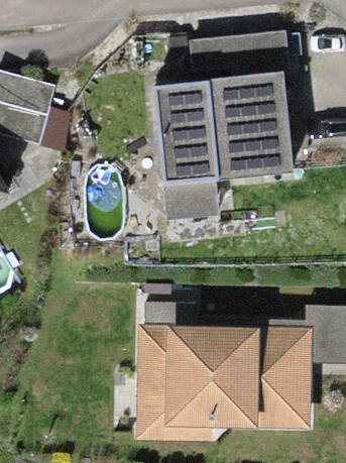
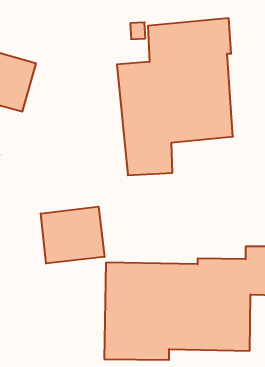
building: none -> [41,207,105,264]

